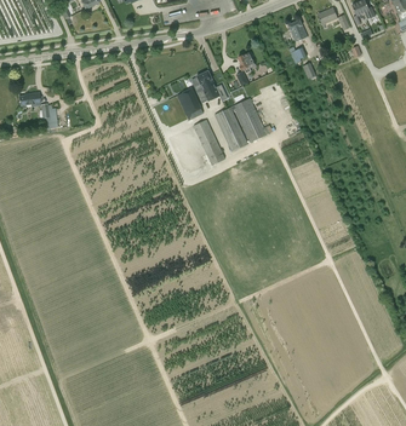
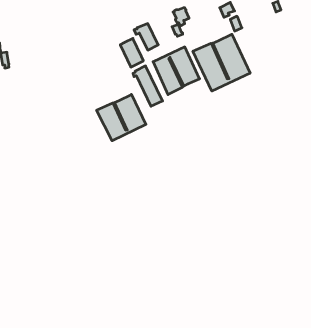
building: none -> [193,34,250,91]
building: none -> [97,94,146,141]

